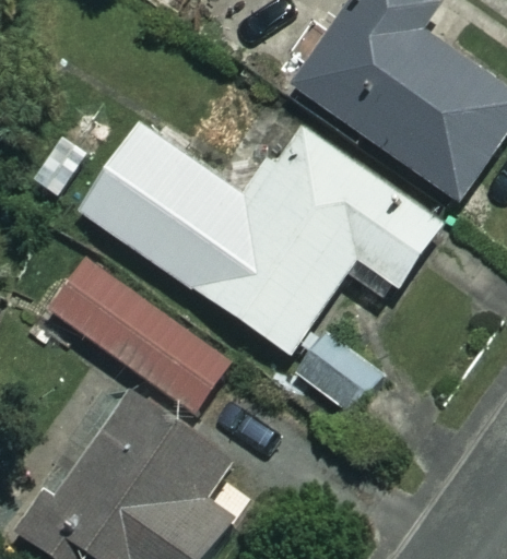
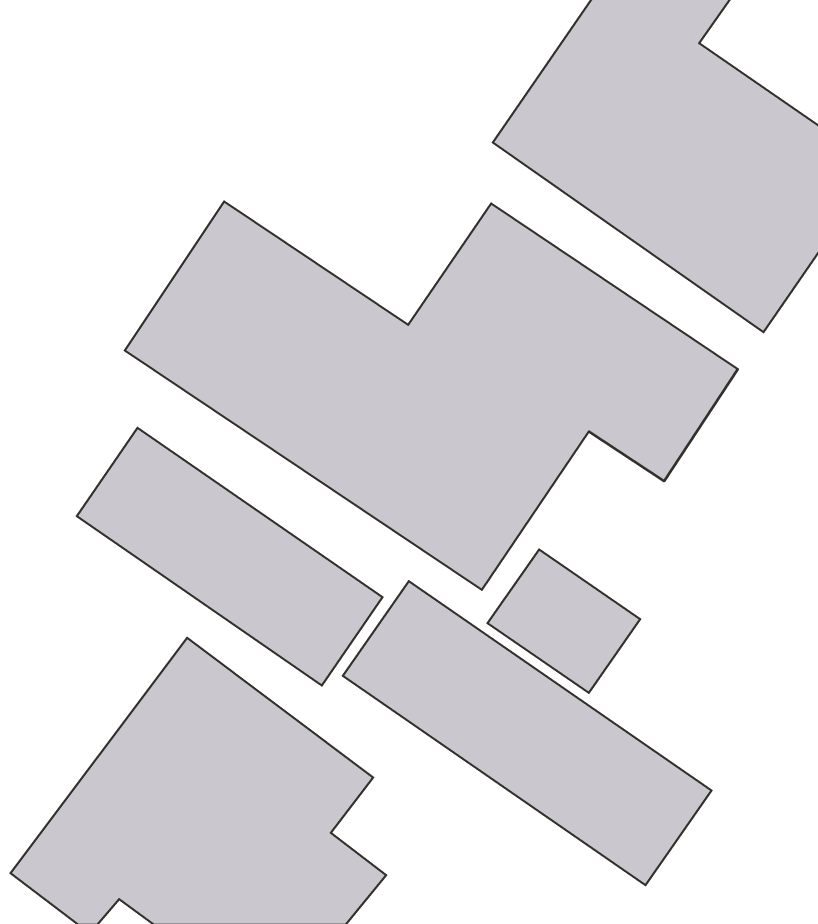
building: none -> [343,581,712,885]

